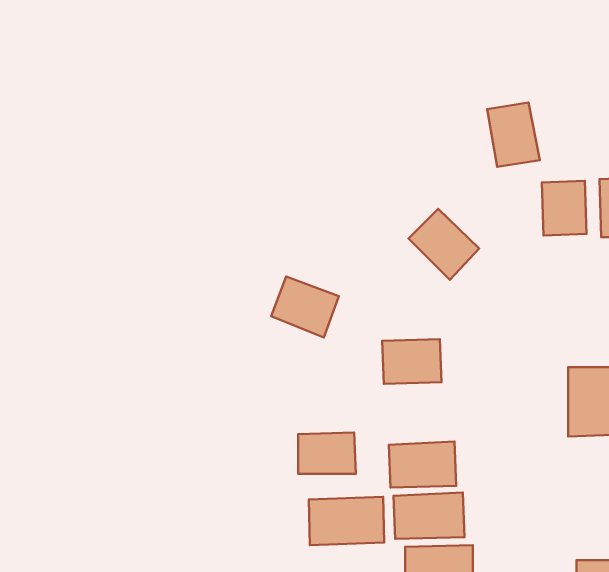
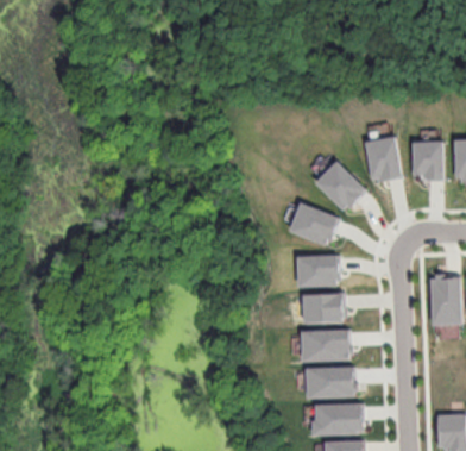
building: [487,102,540,167] -> [365,136,403,182]
building: [271,276,339,337] -> [290,202,339,246]
building: [298,432,356,474] -> [303,293,345,322]
building: [309,497,384,545] -> none

